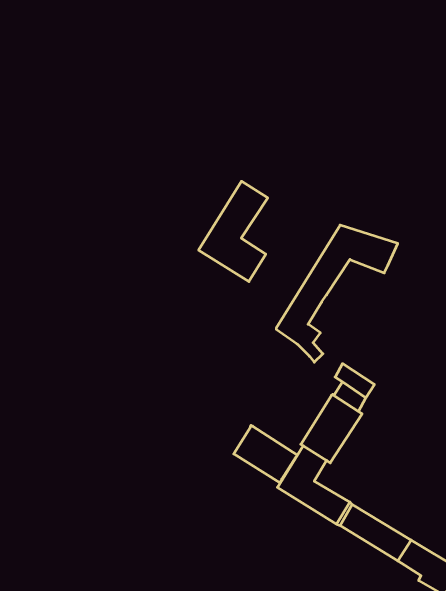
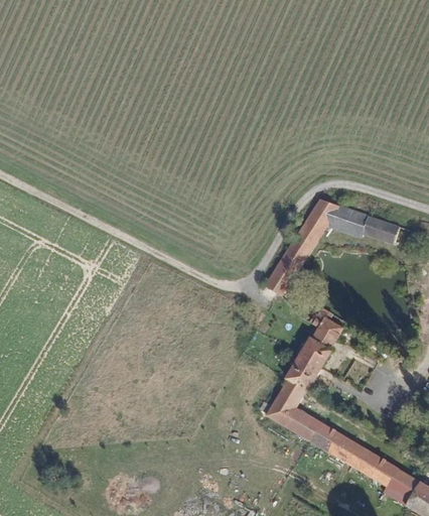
building: [199,181,268,282] -> none
building: none -> [356,213,393,240]
building: [234,425,297,483] -> none

